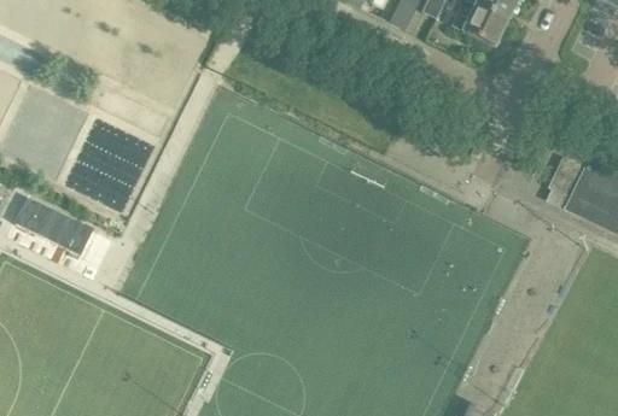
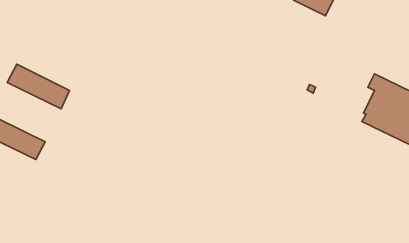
building: none -> [7,64,70,109]

